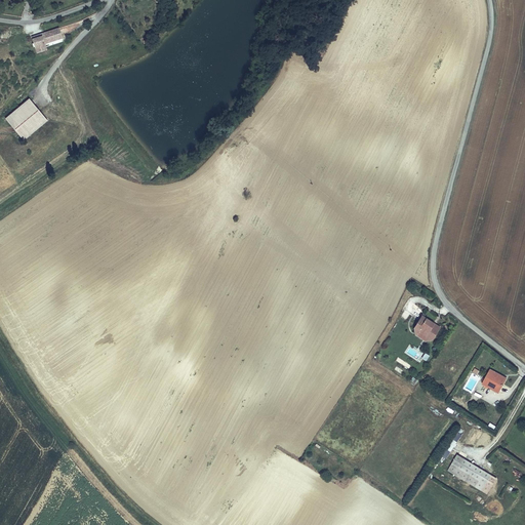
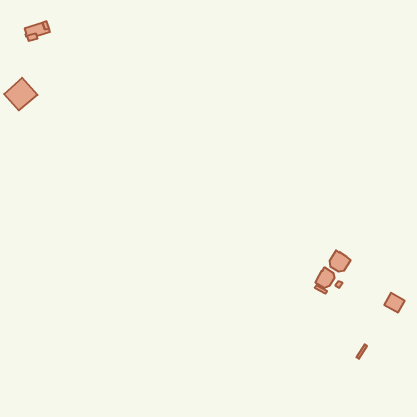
building: none -> [316,267,334,288]
building: [447,455,496,495] -> none

